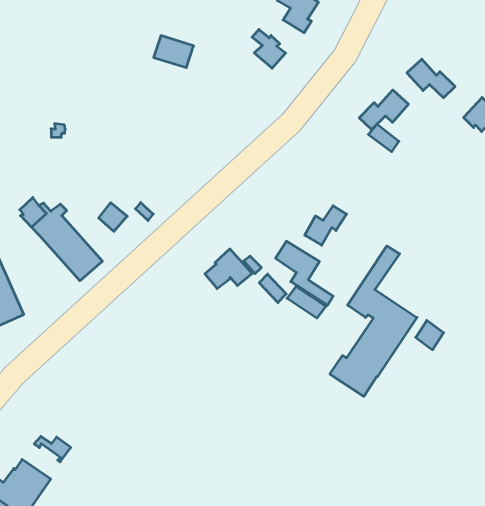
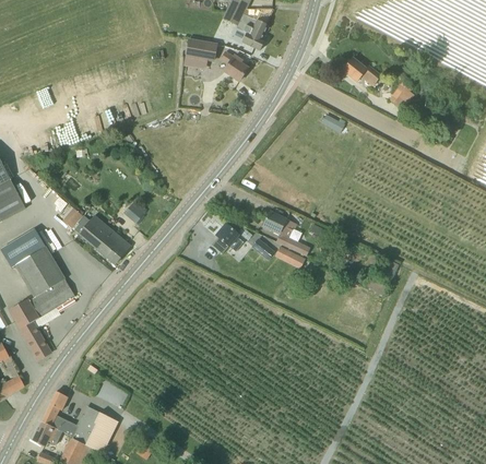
building: [154,36,194,68] -> [187,38,216,60]
building: [359,90,408,130] -> none
building: [305,206,347,245] -> none
building: [330,246,417,396] -> none

